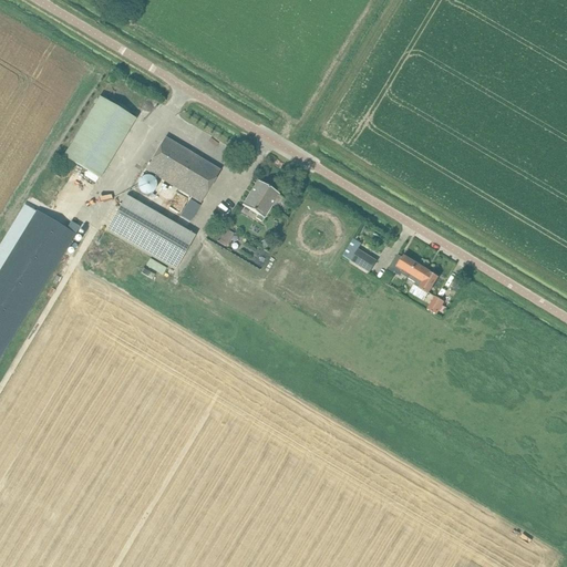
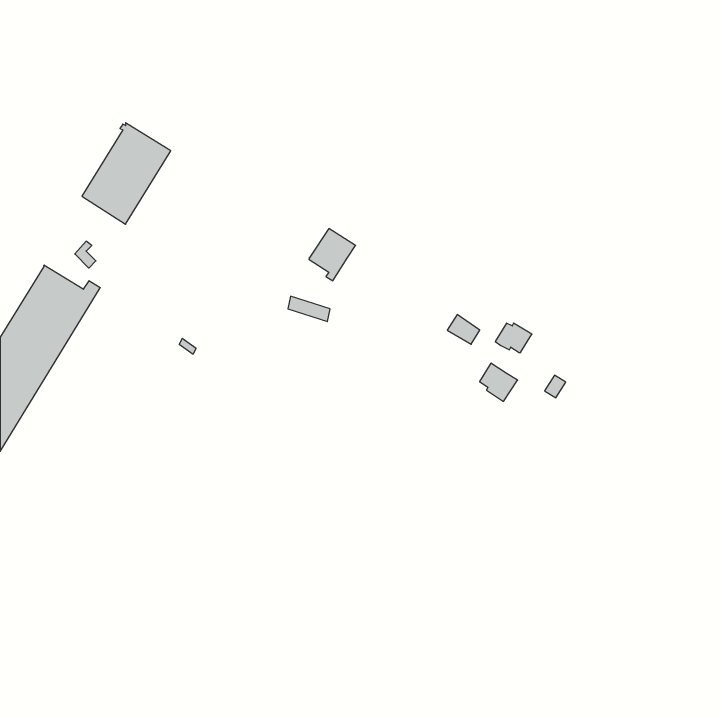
building: [145,136,220,202] -> none
building: [105,195,194,269] -> none
building: [409,262,439,292] -> [480,363,518,401]

